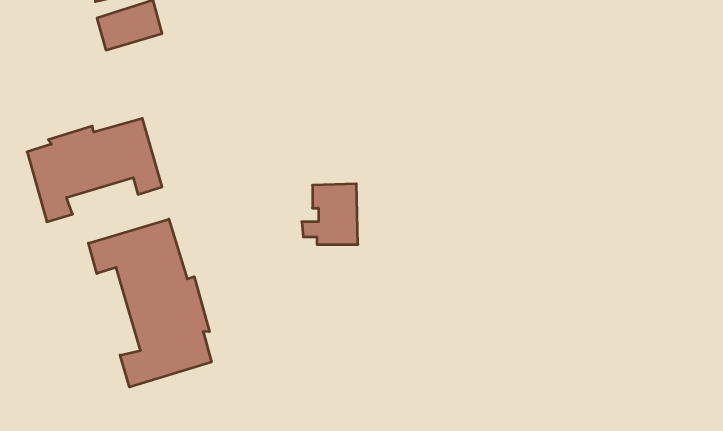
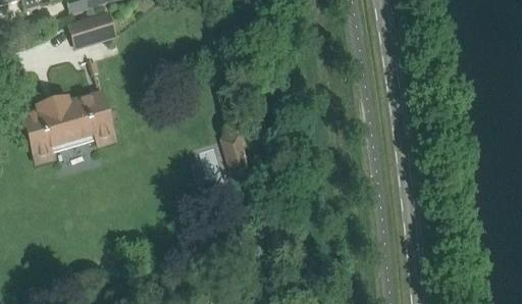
building: [88,219,211,387] -> none

